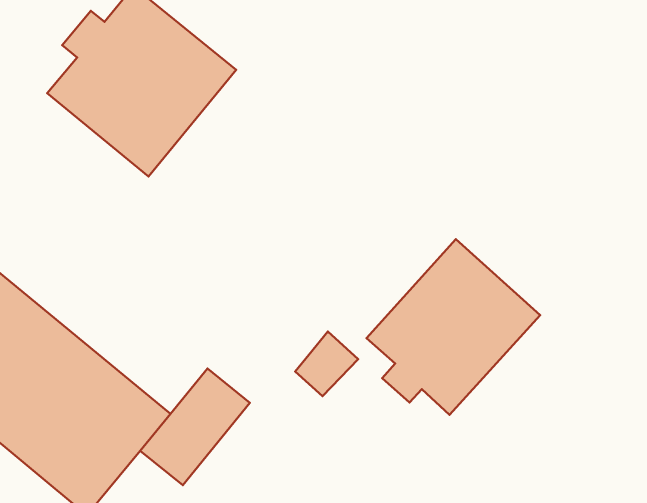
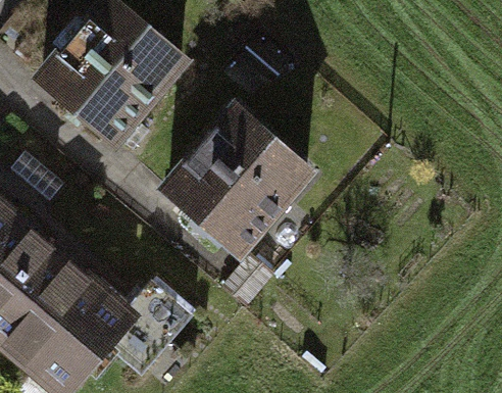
building: none -> [165,113,305,249]
building: [366,239,540,415] -> none

